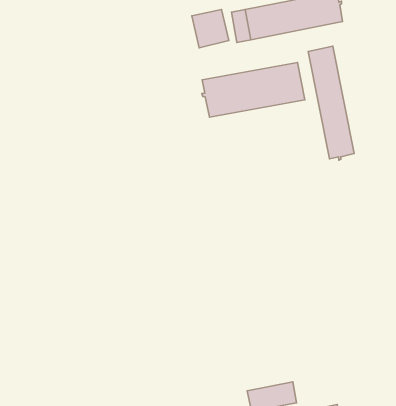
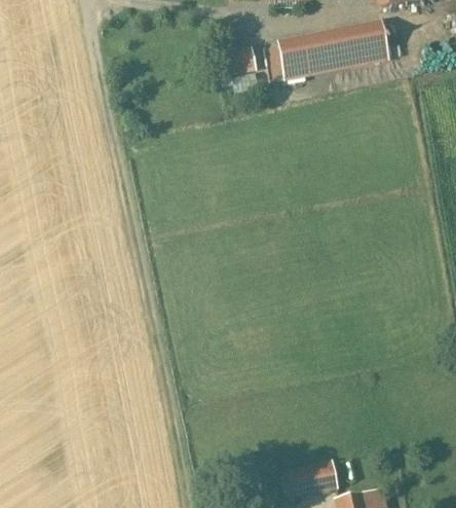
building: [308,46,354,160] -> none
building: [202,62,305,117] -> none

